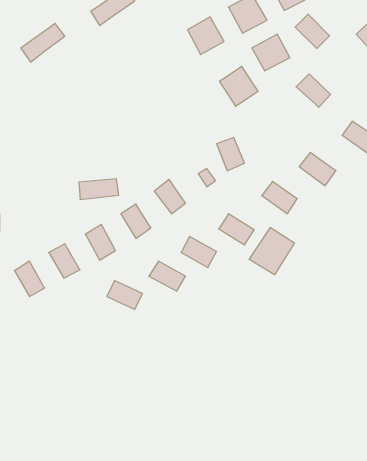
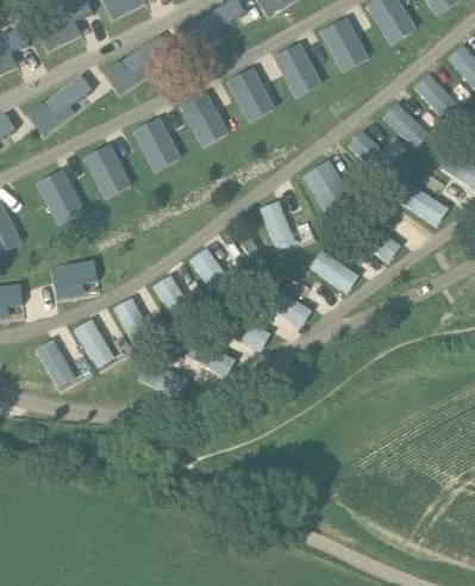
building: [295,14,330,49] -> [385,105,423,143]
building: [252,34,290,71] -> none
building: none -> [182,94,224,137]
building: none -> [135,119,176,162]
building: [219,66,258,106] -> [305,162,348,206]
building: none -> [86,146,127,189]
building: none -> [38,172,80,214]
building: [79,179,119,199] -> [55,264,99,287]
building: [249,228,294,275] -> none

